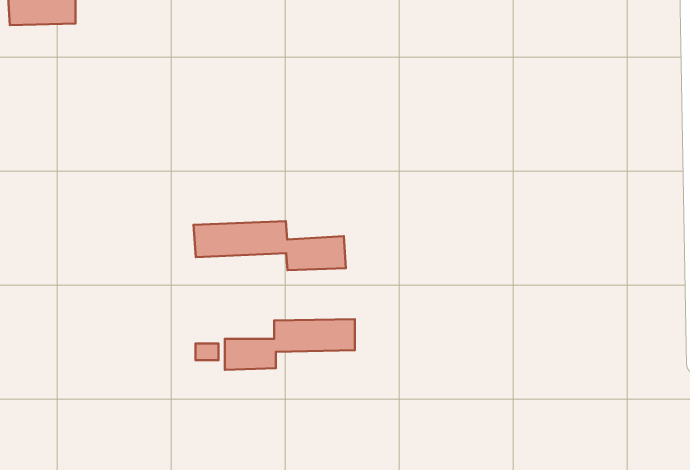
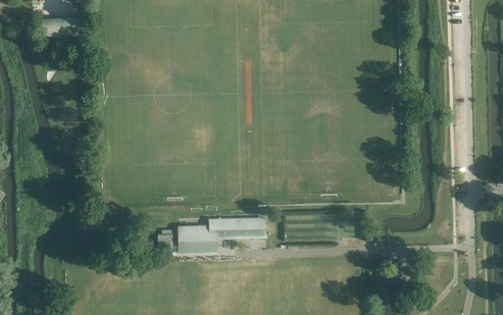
building: [193,221,346,270] -> none

